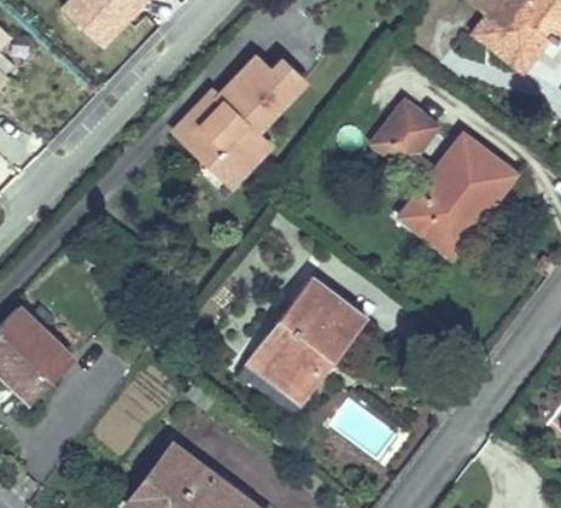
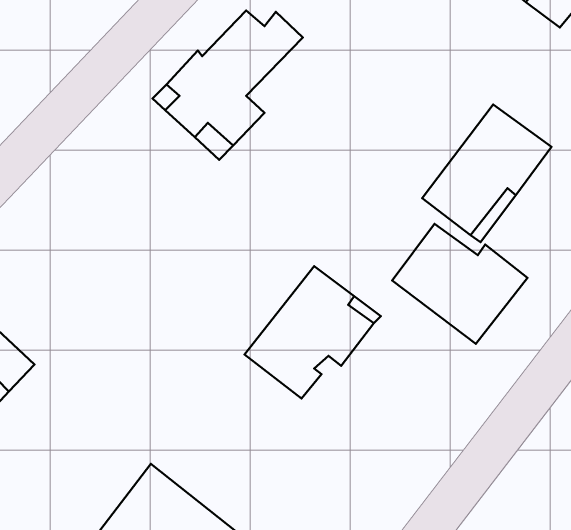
building: [375,100,437,164] -> none
building: none -> [392,224,527,344]
building: [244,349,334,404] -> none

